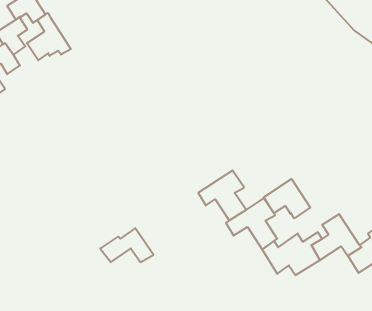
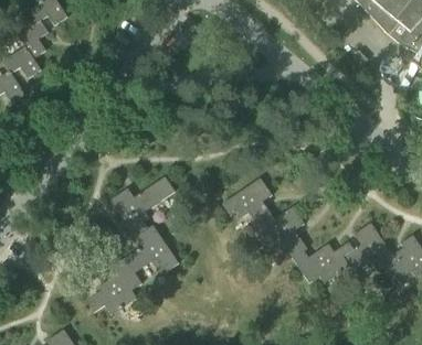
building: [27,13,71,60] -> none
building: none -> [110,174,176,247]
building: [264,179,310,218] -> none
building: none -> [89,257,141,313]

